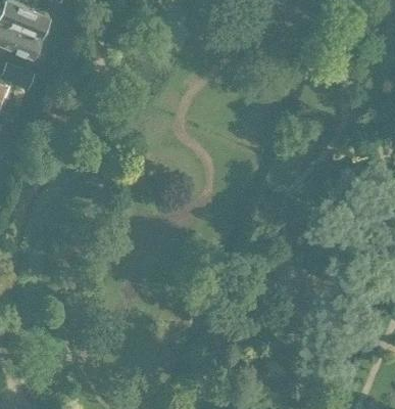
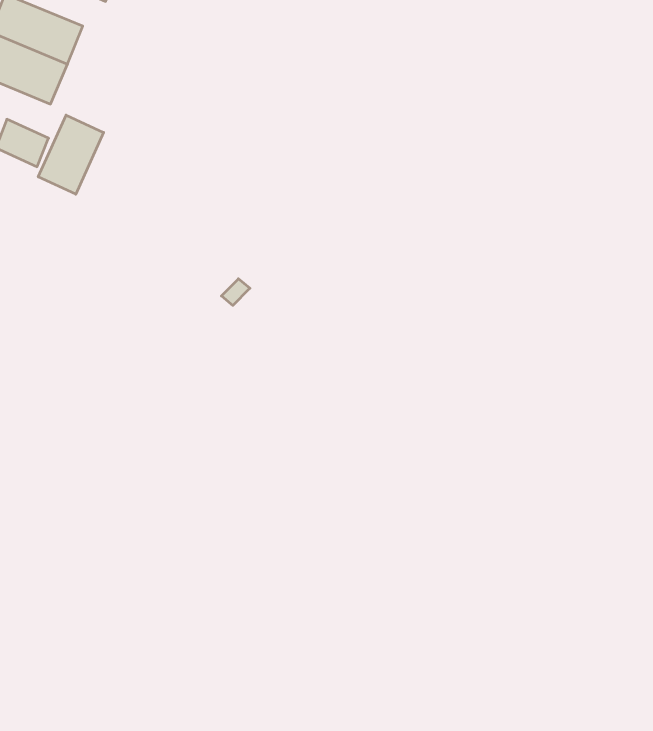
building: none -> [38,115,104,194]

